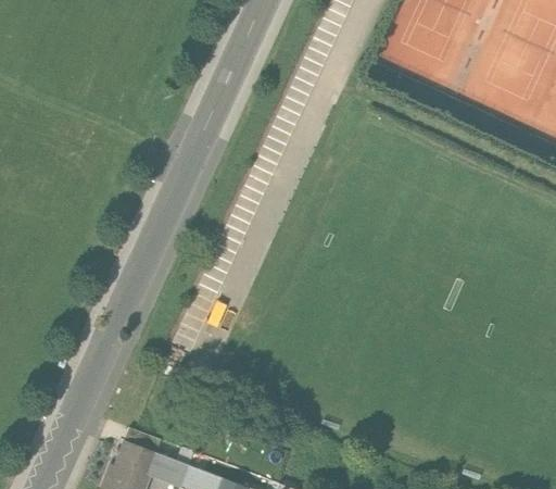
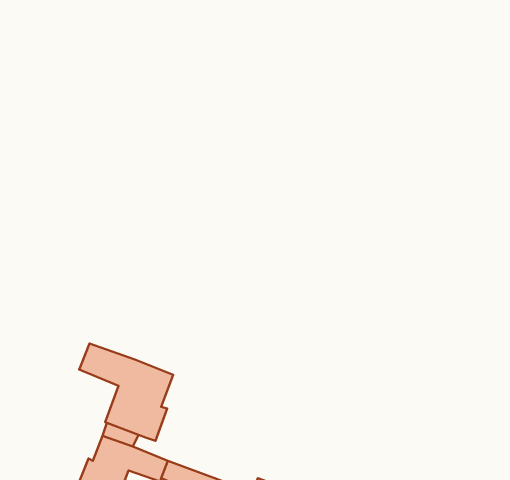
building: none -> [79,343,173,441]

